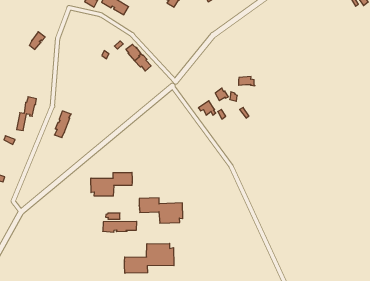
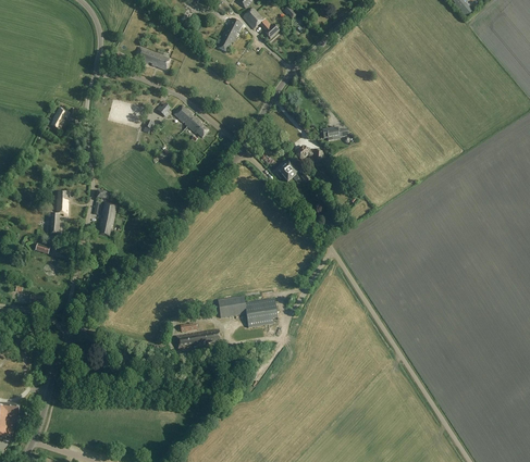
building: [91,172,132,196] -> none
building: [124,243,174,273] -> none

